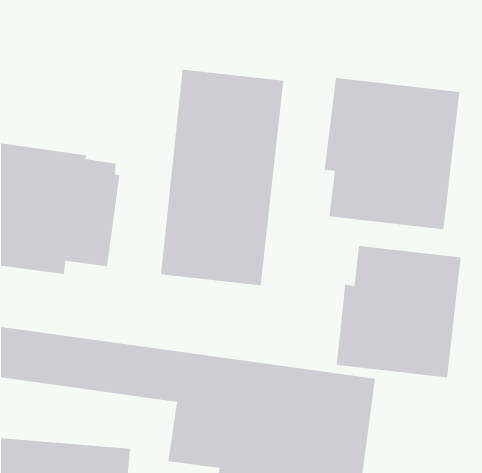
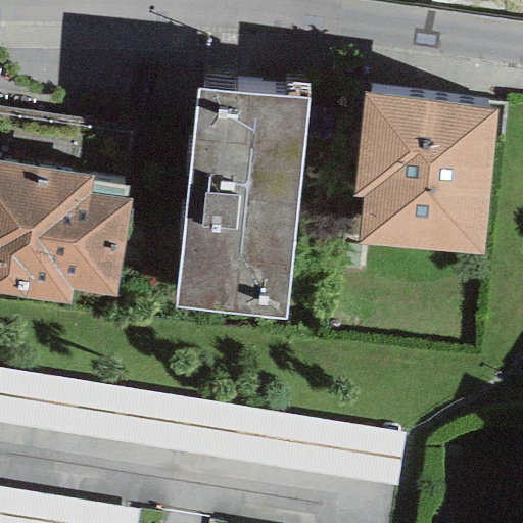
building: [336,245,461,378] -> none

